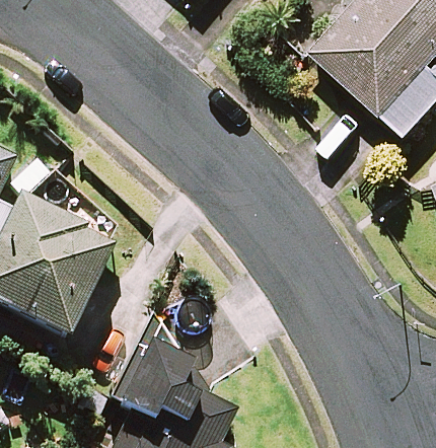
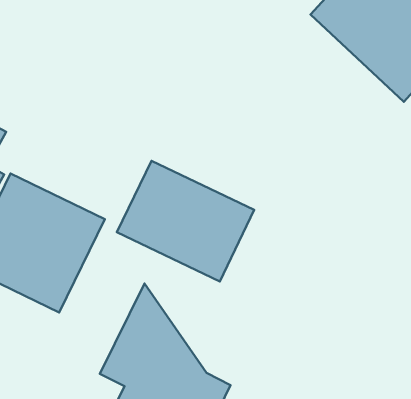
building: none -> [117,161,254,281]

